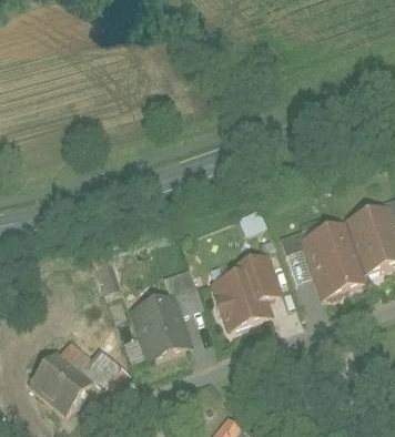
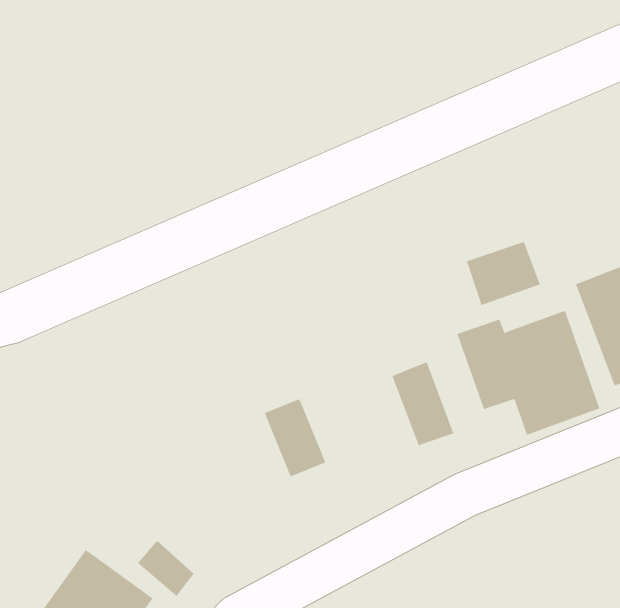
building: none -> [466,241,541,306]
building: [211,273,256,326] -> none
building: [130,293,186,363] -> none

